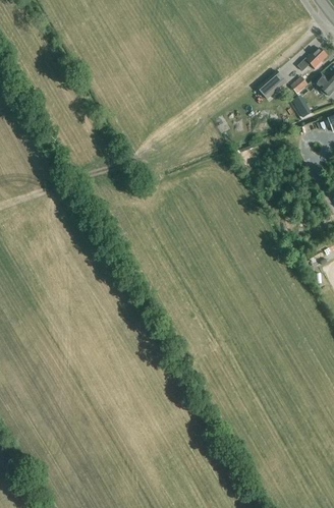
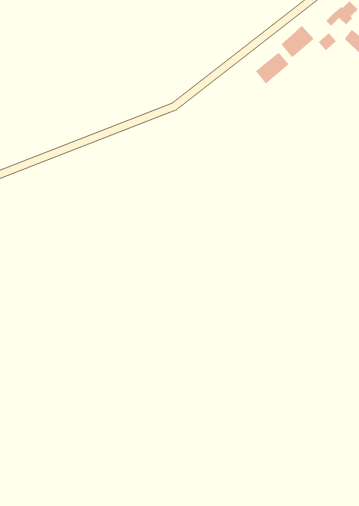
building: none -> [255,52,289,84]

